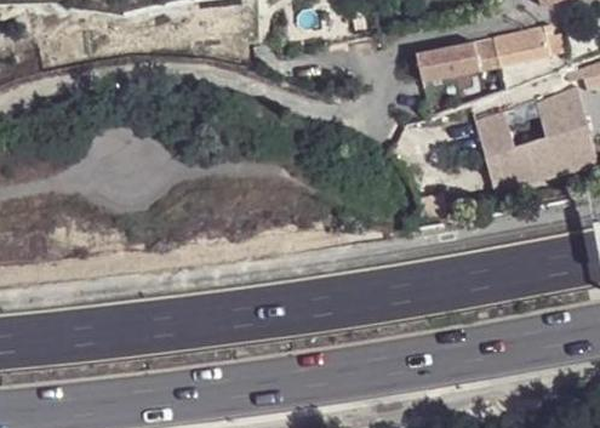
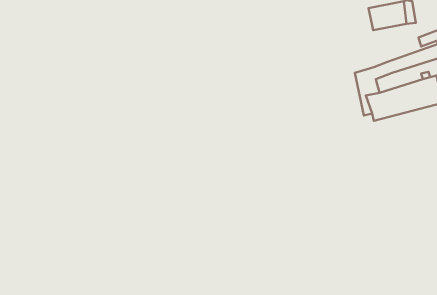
building: [416,42,493,81] -> none

